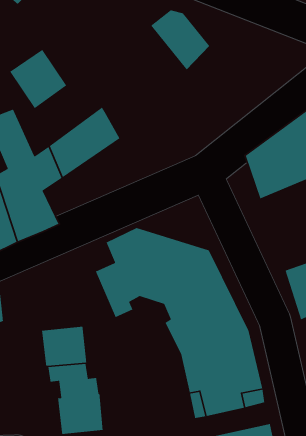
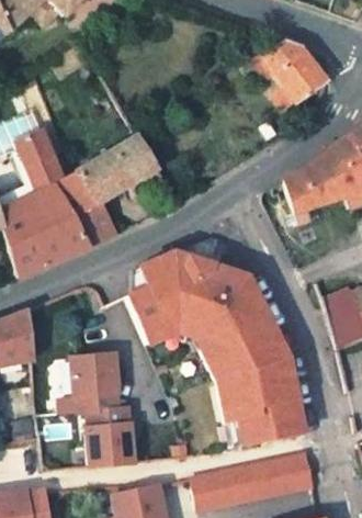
building: [150,9,210,70] -> [260,41,321,103]
building: [9,49,67,109] -> none
building: none -> [76,200,113,247]

